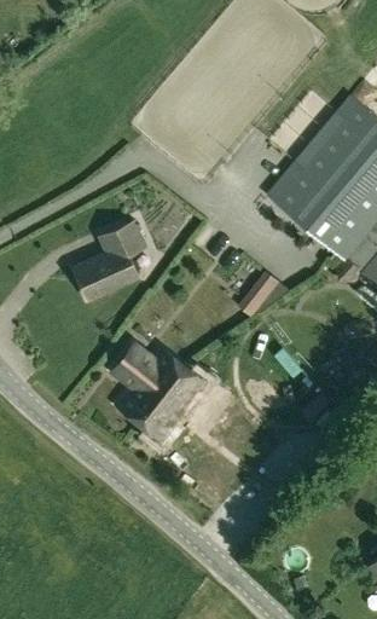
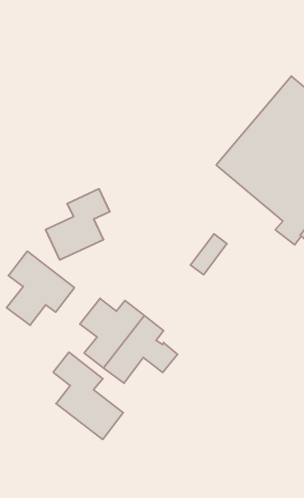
building: none -> [7,251,74,325]
building: none -> [53,352,123,439]

